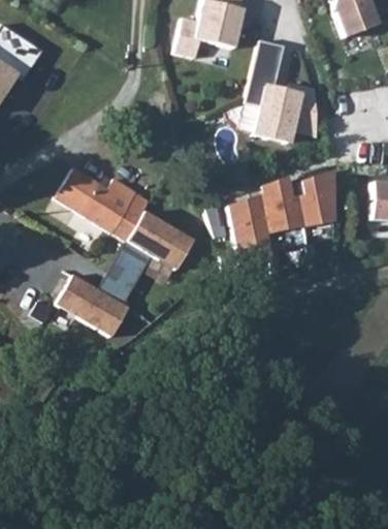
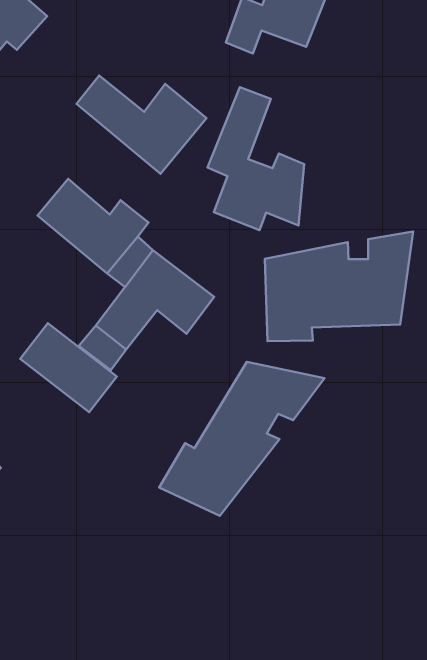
building: [245,39,317,142] -> [207,87,304,230]
building: none -> [76,75,206,174]
building: none -> [159,362,325,516]

